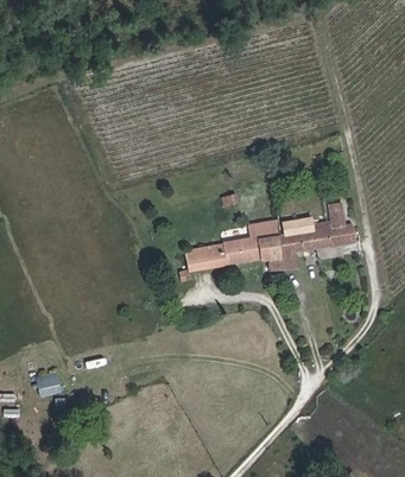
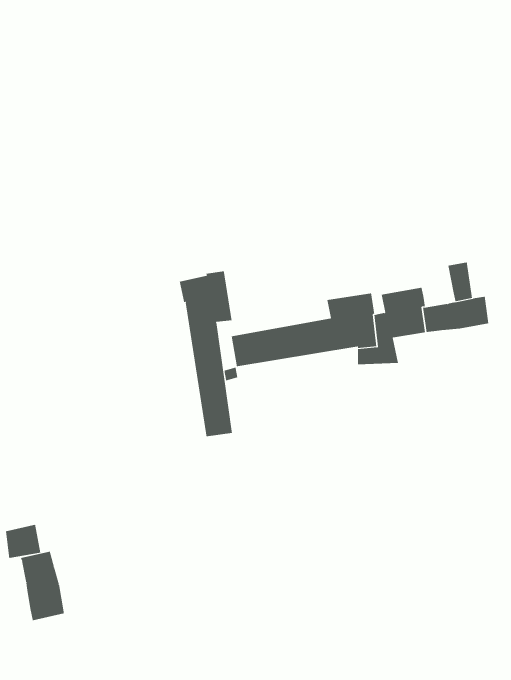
building: none -> [179,270,233,437]
building: none -> [20,551,65,621]

